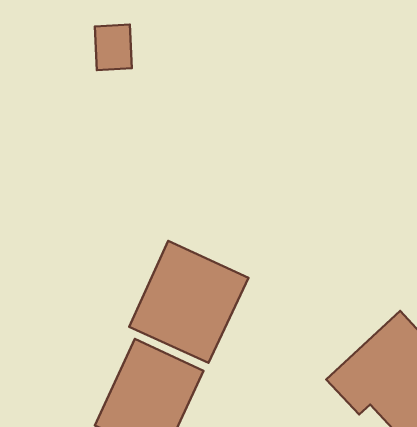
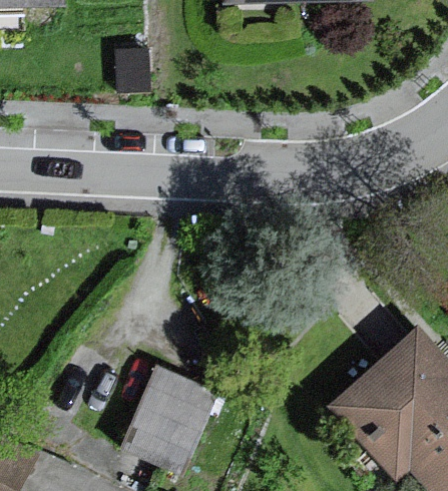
building: [129,241,248,363] -> none

